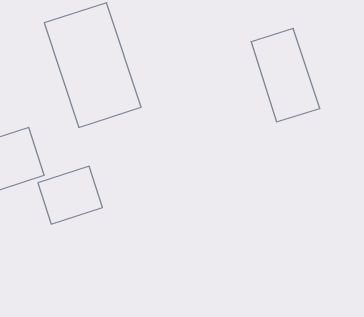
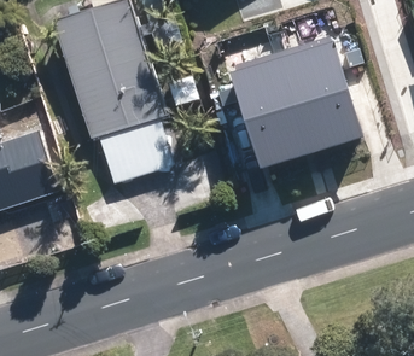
building: none -> [233,47,308,150]
building: [38,166,102,224] -> [100,124,170,187]

